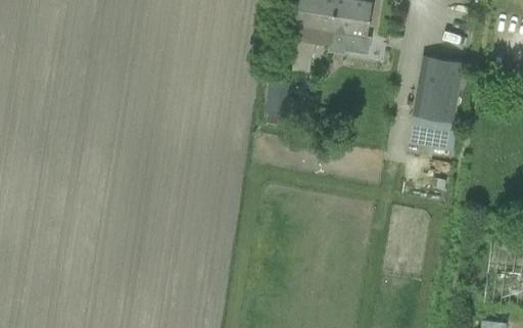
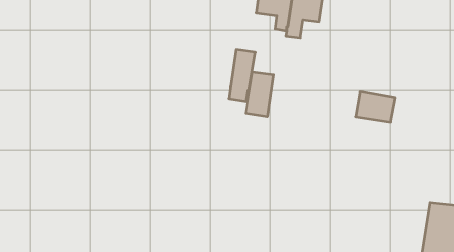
building: [415,54,465,122] -> none
building: none -> [246,72,274,117]

